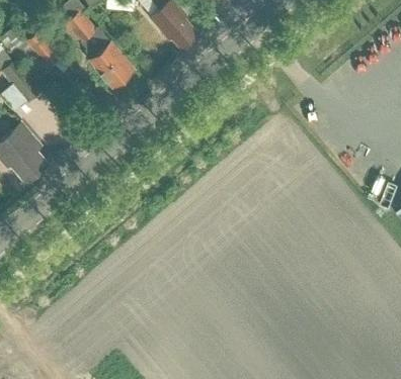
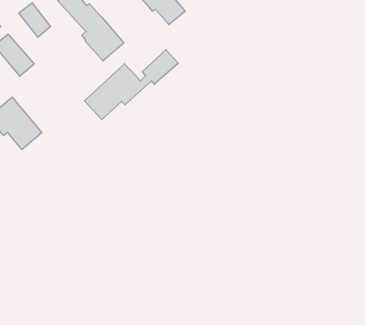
building: none -> [85,50,178,120]

